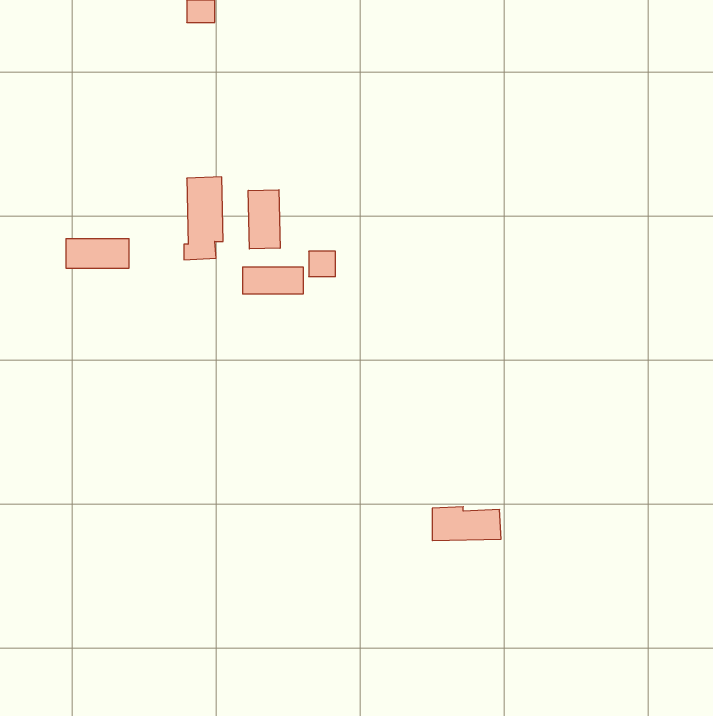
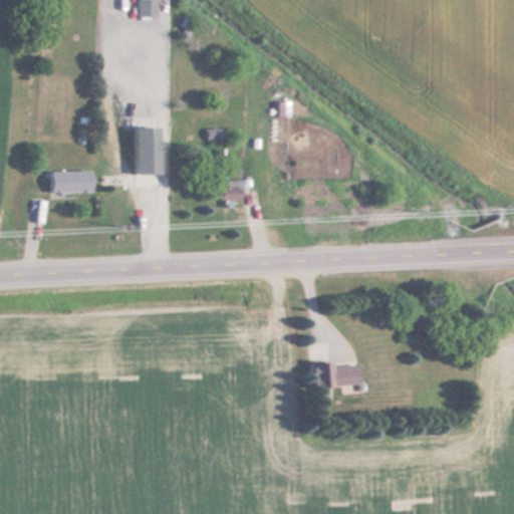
building: [248,190,280,249] -> none
building: [243,267,303,294] -> none

